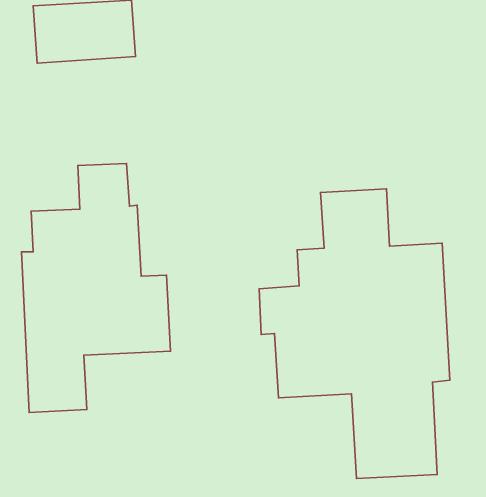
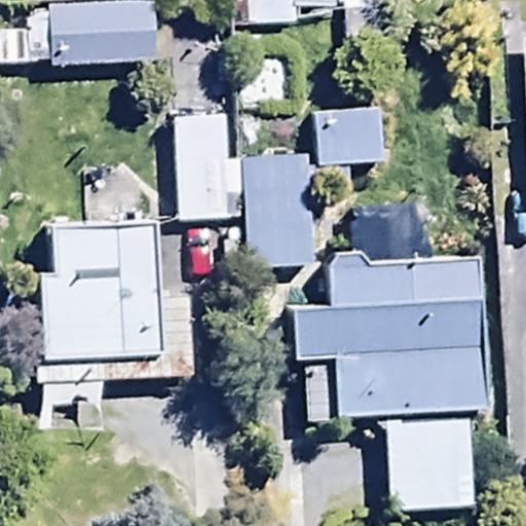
building: none -> [179,107,385,267]

